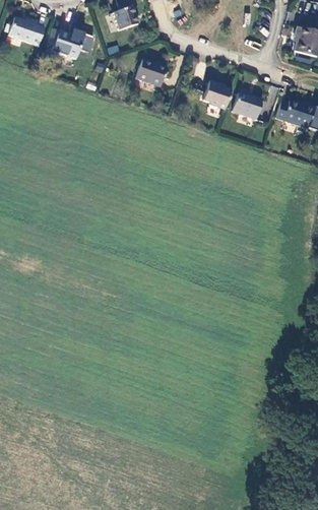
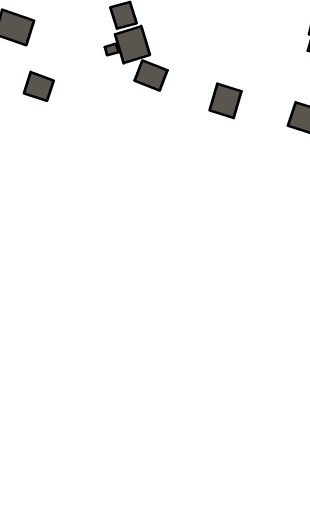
building: none -> [115,26,150,63]
building: [50,27,77,54] -> [24,72,54,101]
building: [235,93,264,120] -> none

